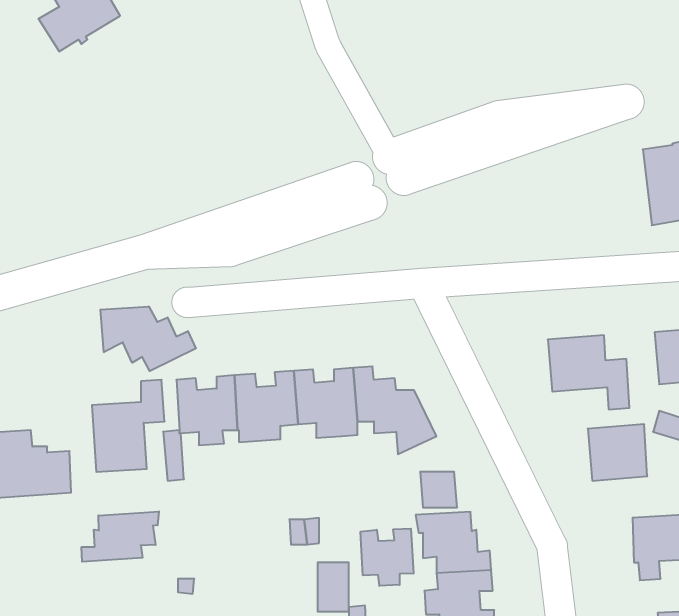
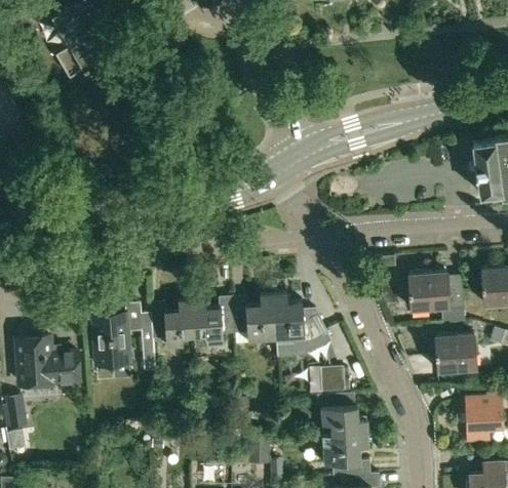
building: [100,306,196,371] -> none
building: [82,511,159,562] -> none
building: [361,529,413,586] -> none

